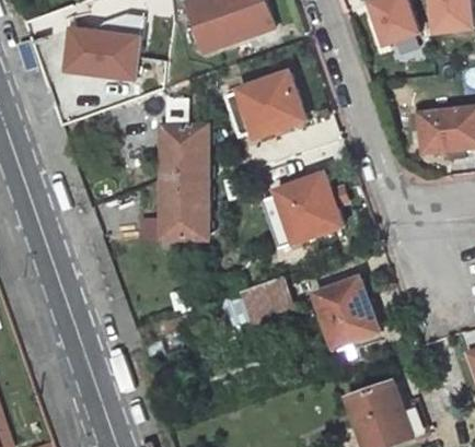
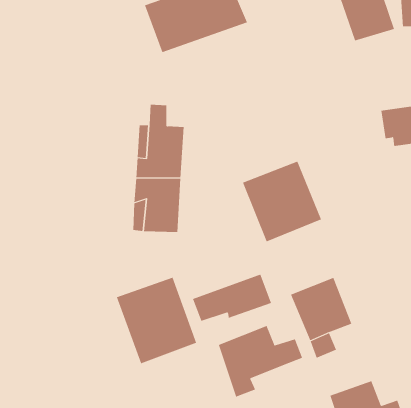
building: [56,21,134,86] -> none
building: [218,67,311,140] -> none
building: none -> [116,277,197,364]
building: none -> [218,325,303,397]

